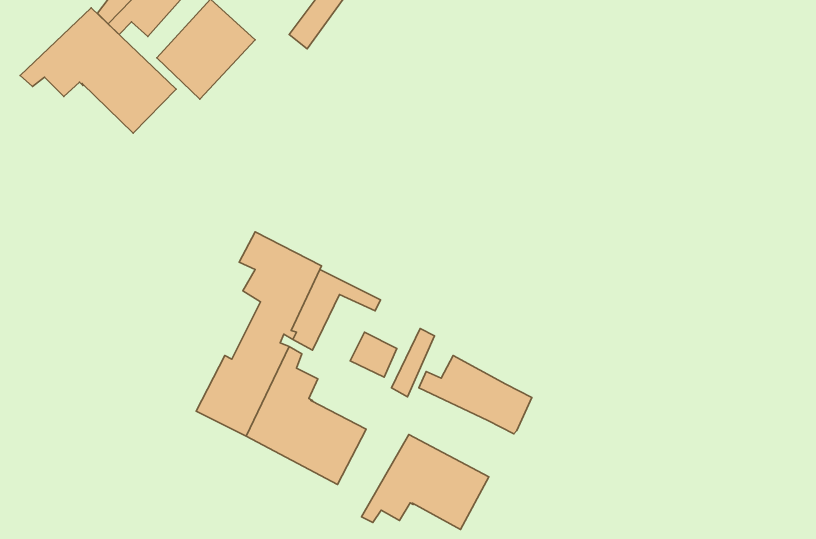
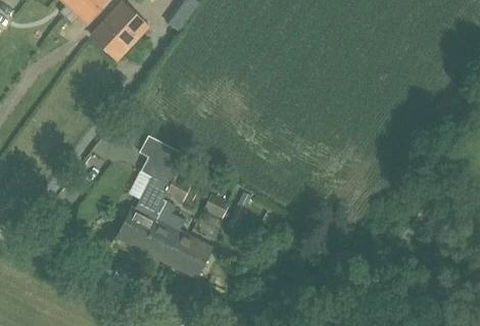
building: [20,8,176,133] -> none
building: [419,355,532,434] -> none
building: [362,435,489,529] -> none

